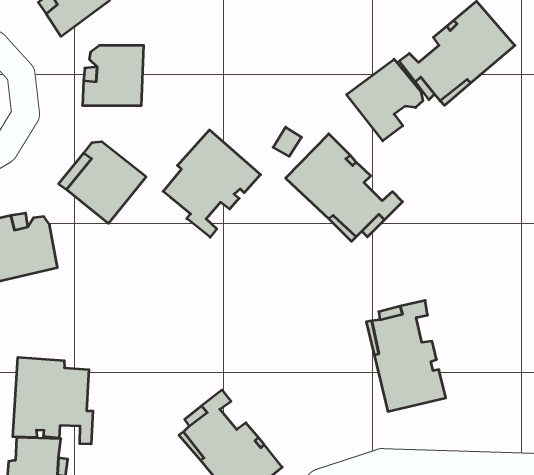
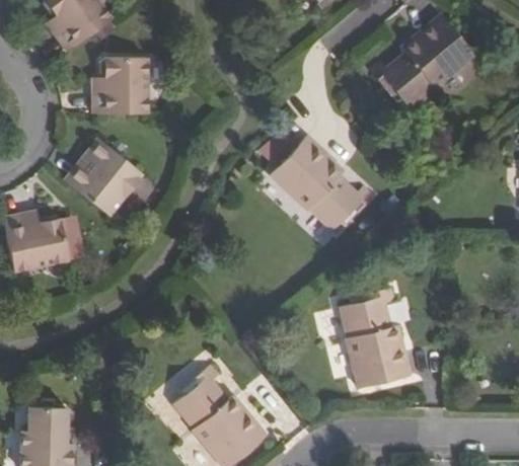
building: [347,59,423,141] -> none
building: [163,130,261,237] -> none
building: [13,357,93,444] -> none

